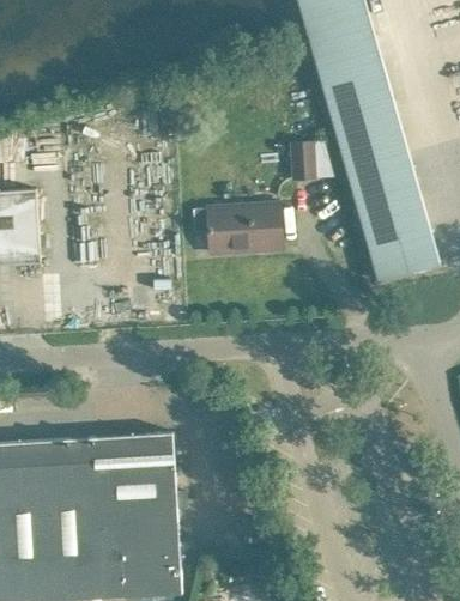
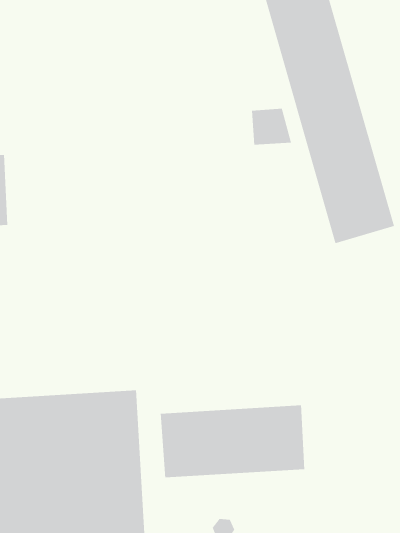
building: [194,206,283,254] -> none
building: none -> [160,405,305,478]

